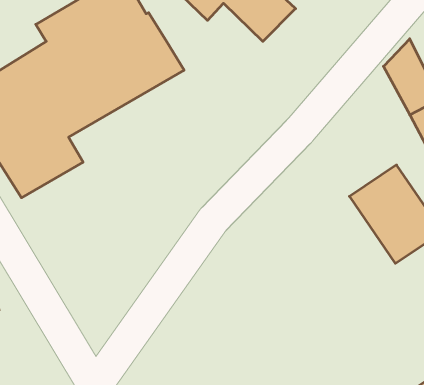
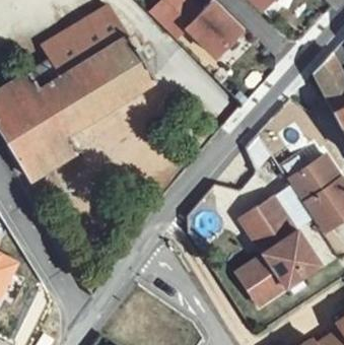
building: none -> [237,198,321,307]

